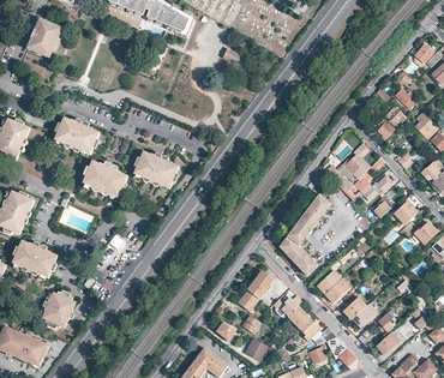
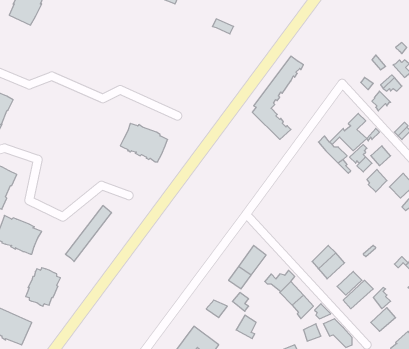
building: [54,119,100,156] -> none
building: [83,162,128,199] -> none
building: [281,194,330,275] -> [252,56,303,139]

